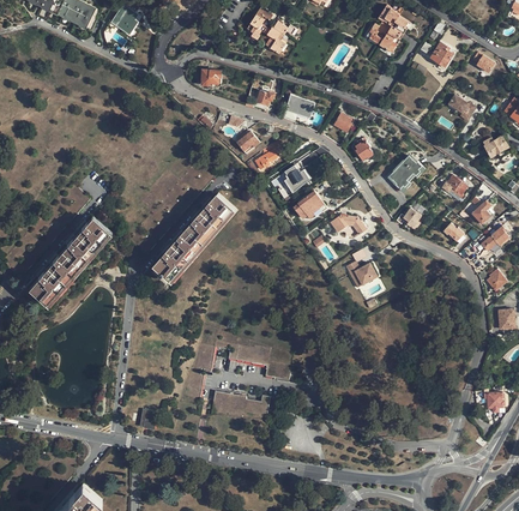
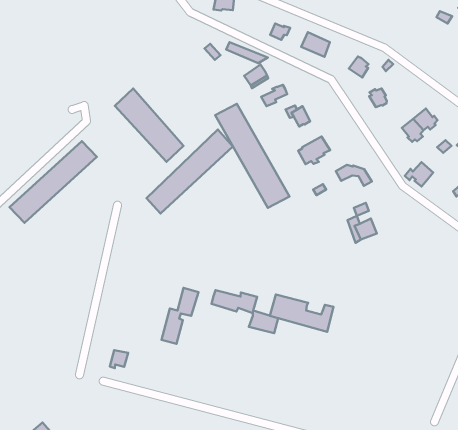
building: none -> [115,88,183,162]
building: none -> [215,104,289,208]
building: [211,391,270,421] -> [270,294,334,332]

